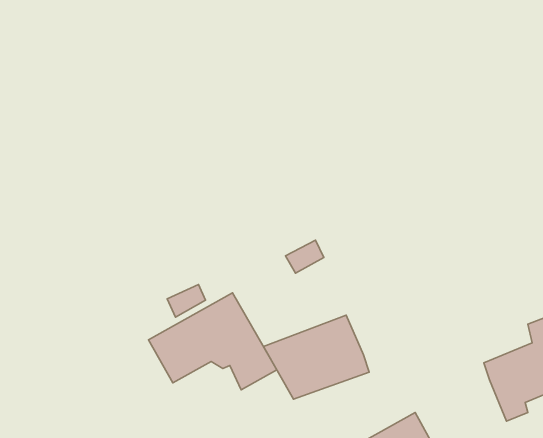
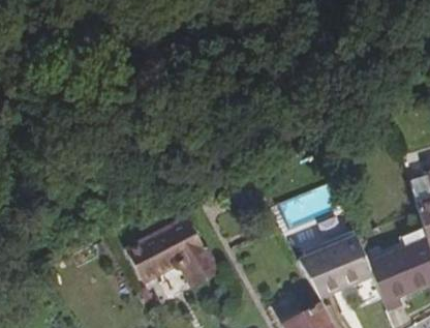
building: [264,315,369,399] -> [298,237,374,298]

